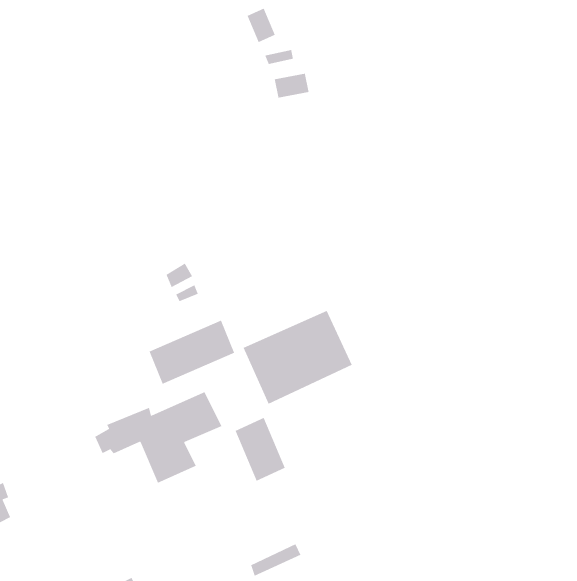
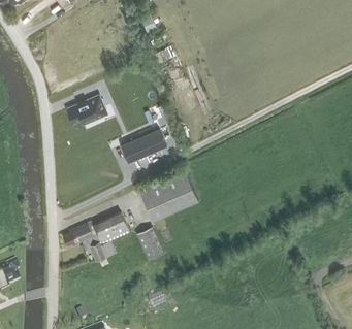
building: none -> [67,94,106,122]
building: [148,320,235,385] -> [121,127,166,161]

